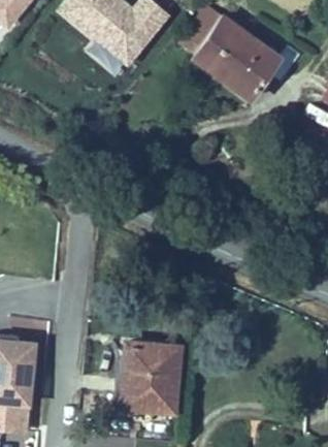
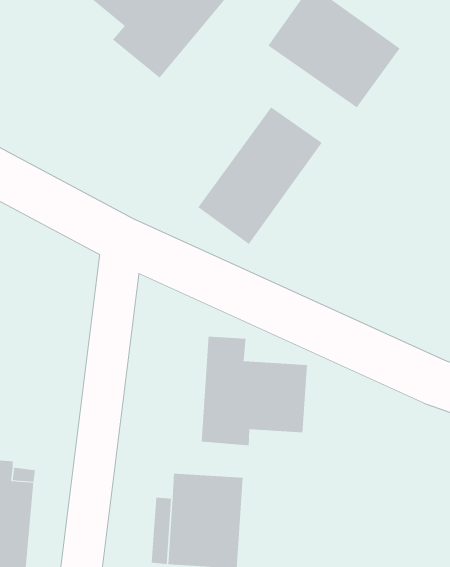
building: none -> [198,106,322,245]
building: none -> [201,336,308,446]

